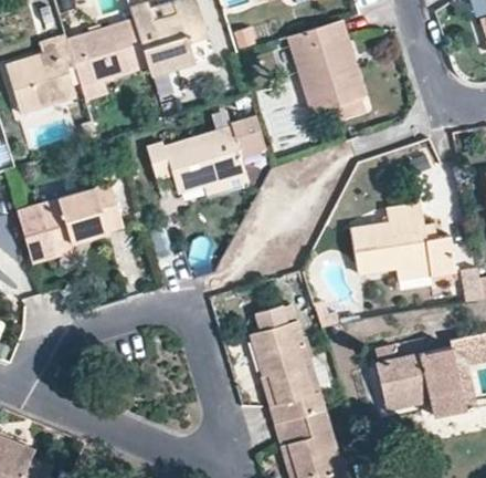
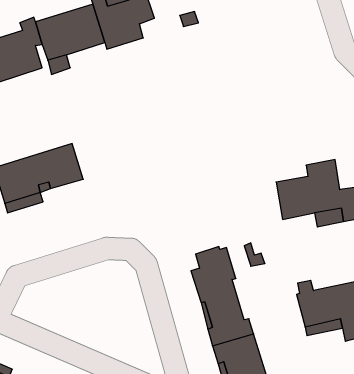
building: [286,20,366,119] -> none
building: [145,112,266,206] -> none

